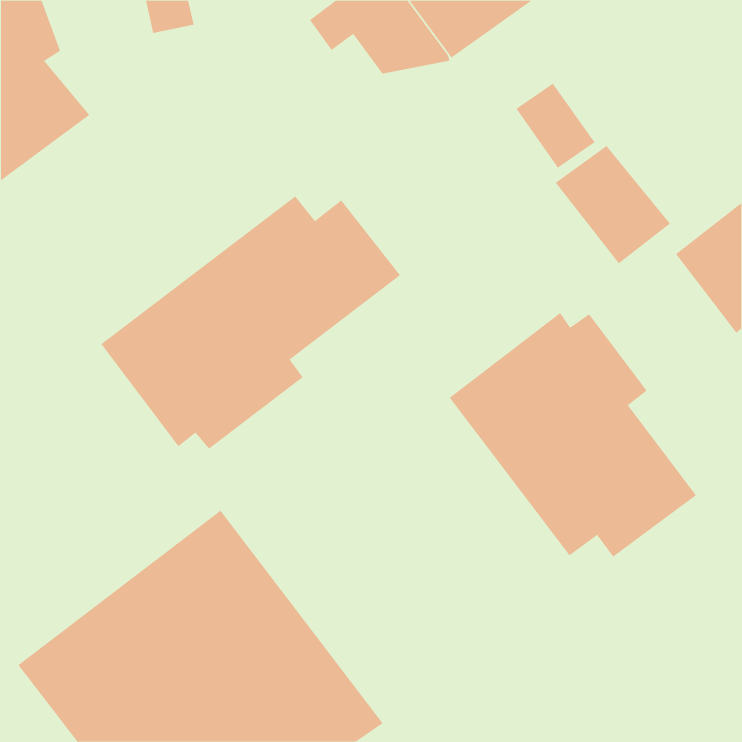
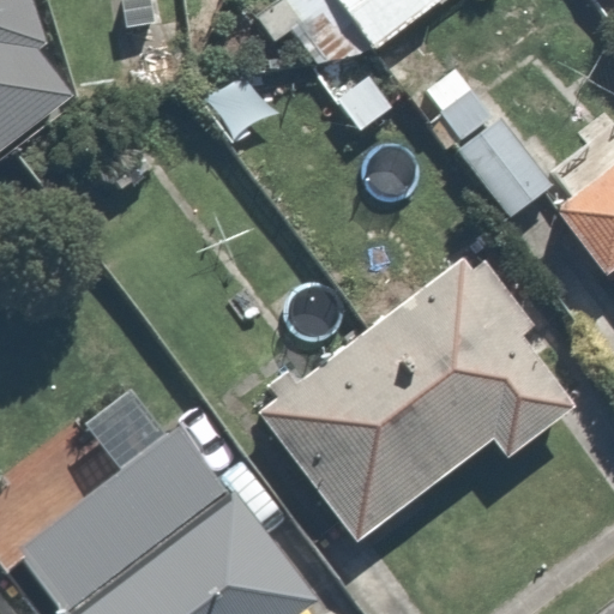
building: [100,195,401,450] -> none
building: none -> [257,329,470,543]

